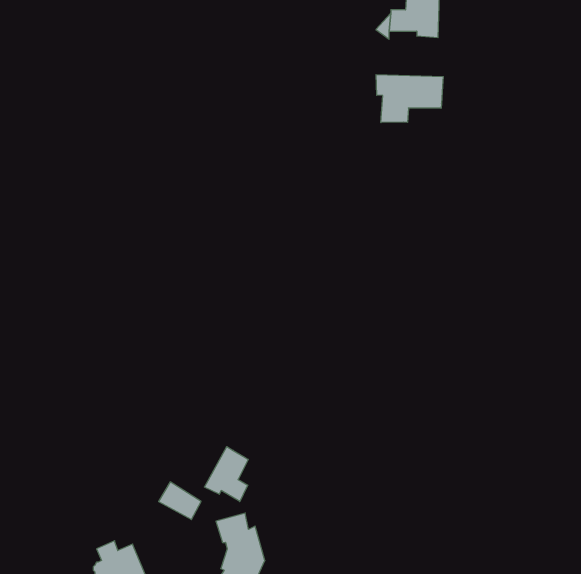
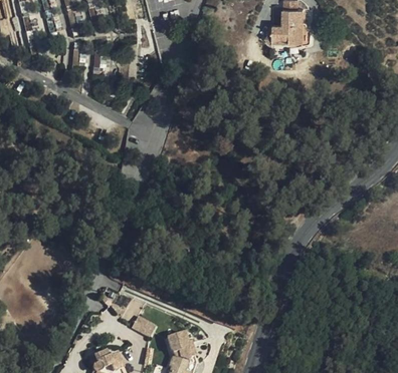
building: [376,75,443,123] -> none
building: [204,447,248,502] -> none

